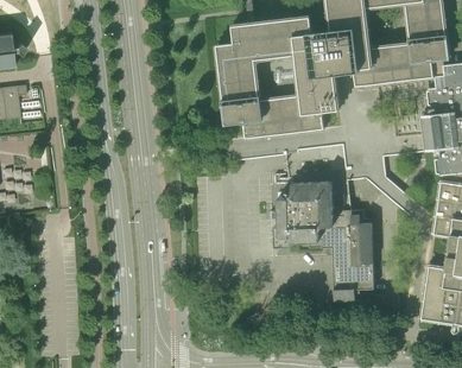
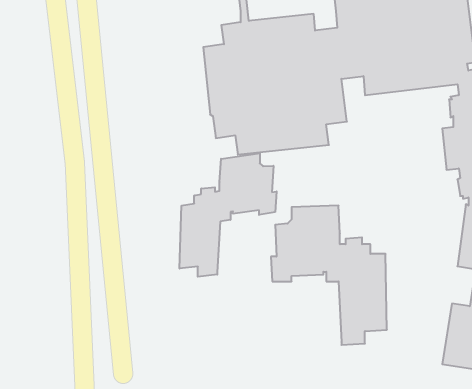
building: none -> [180,153,277,277]

